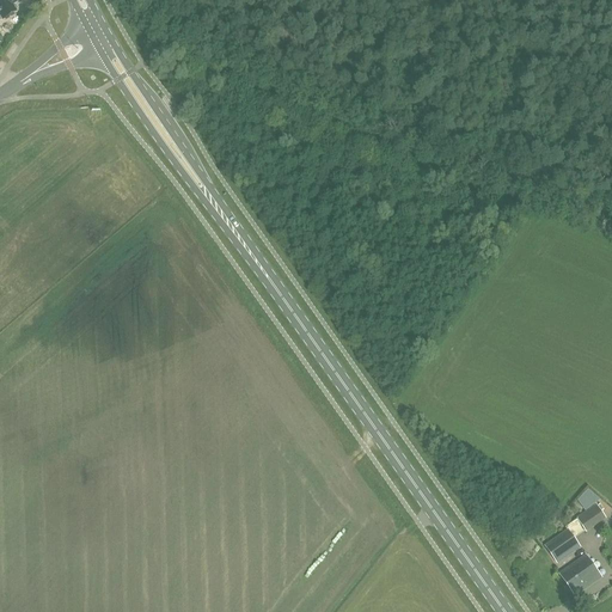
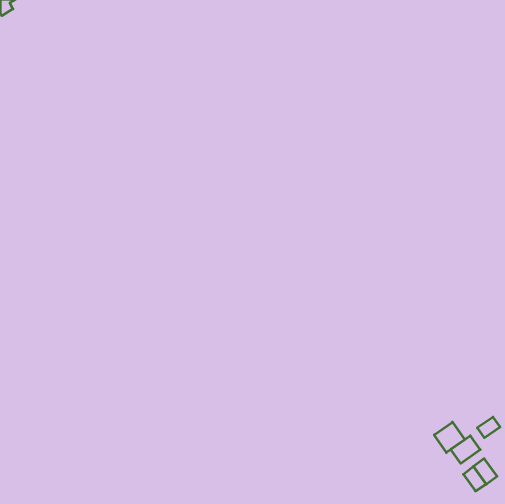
building: none -> [434,422,465,453]

